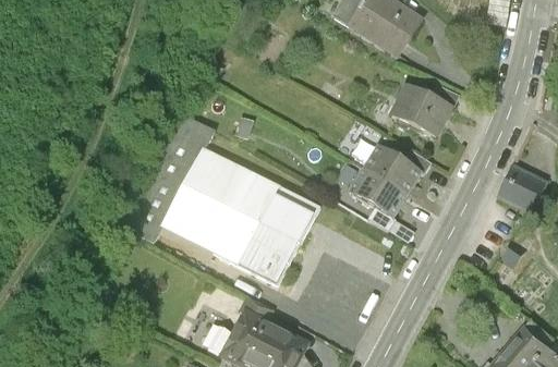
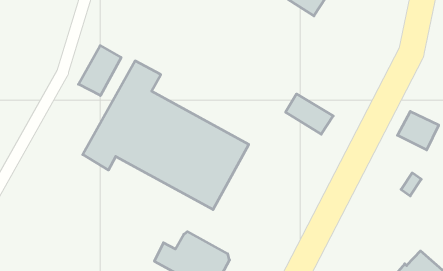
building: [391,85,450,137] -> none
building: none -> [78,46,121,96]
building: [349,169,407,218] -> none

